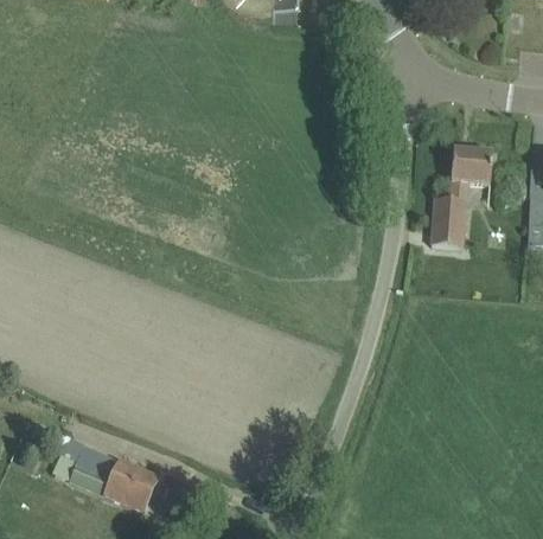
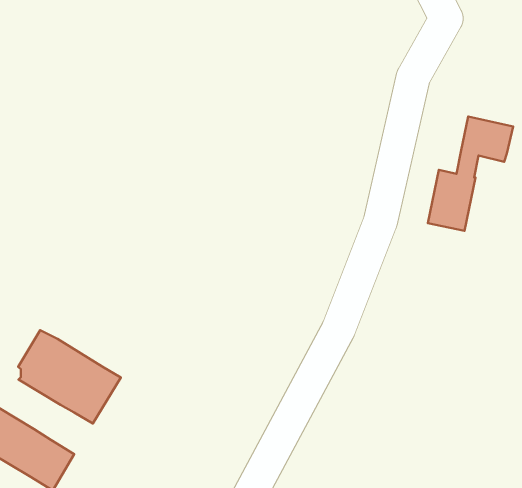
building: none -> [18,330,121,424]

